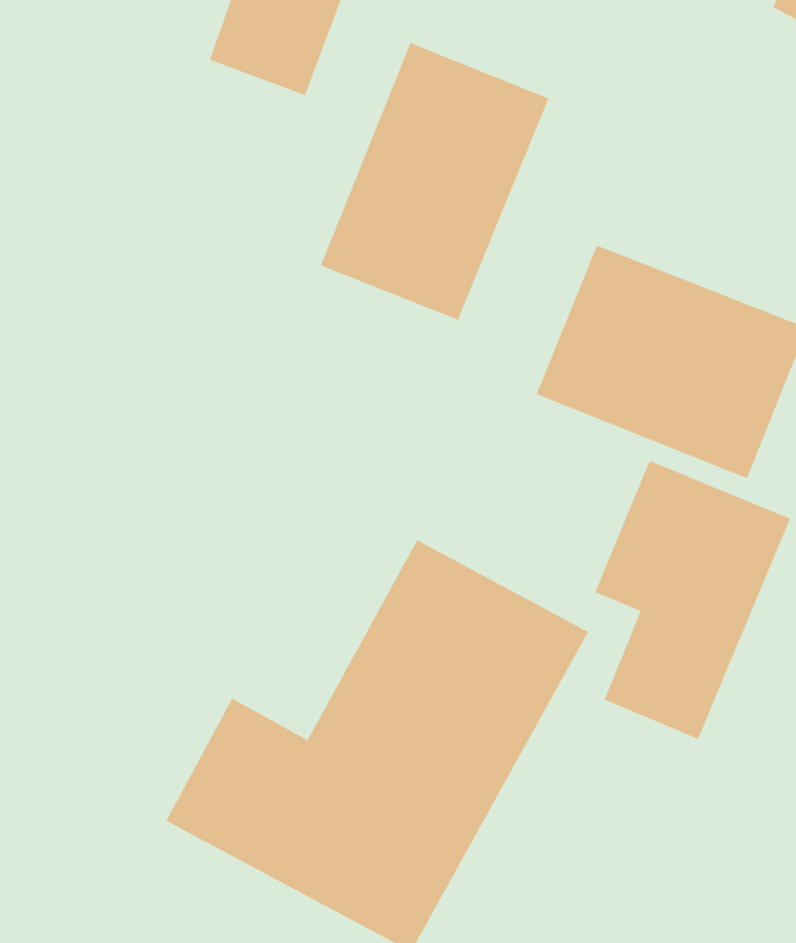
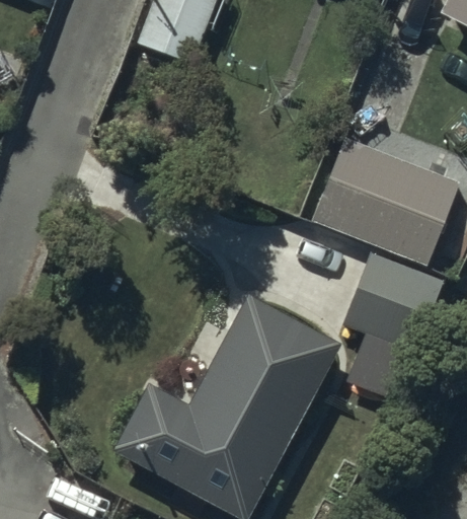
building: [320,42,549,321] -> none

